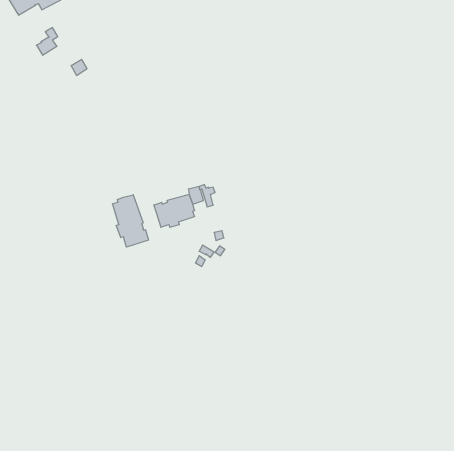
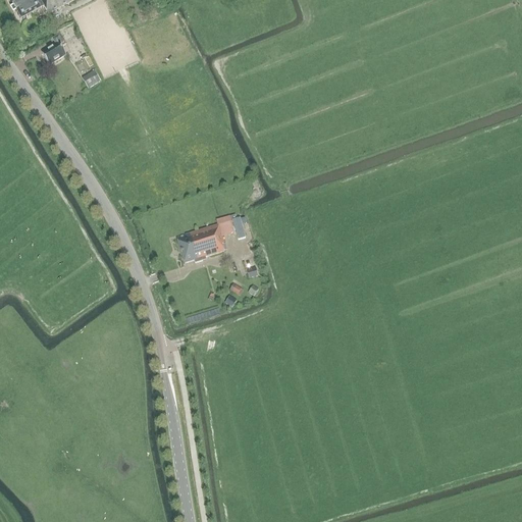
building: [113,195,149,247] -> none

